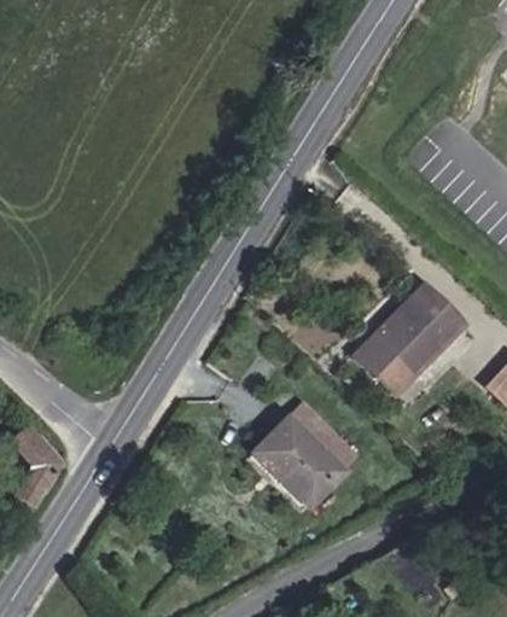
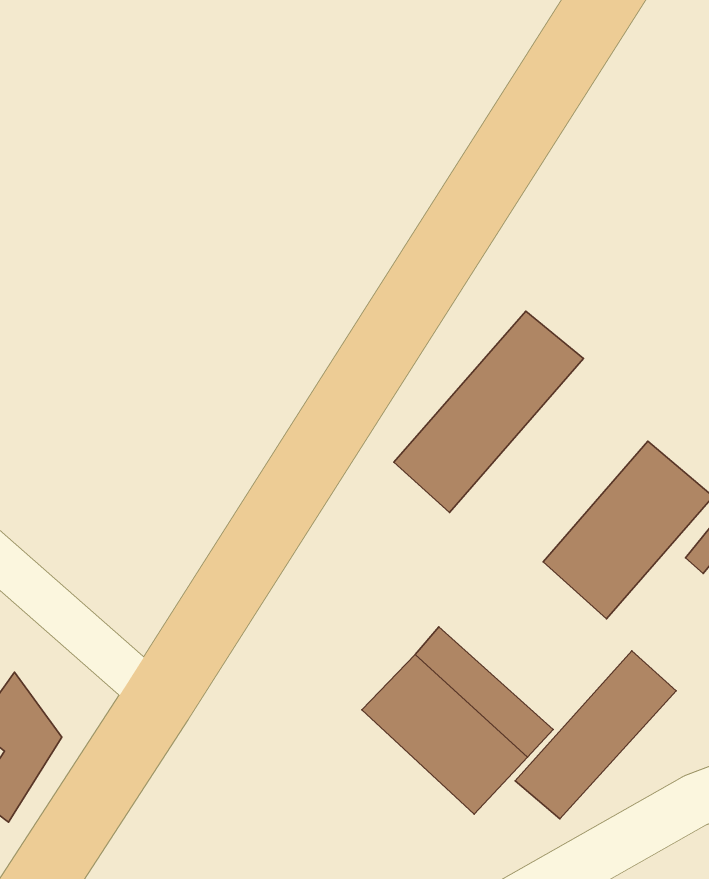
building: none -> [394,311,583,513]
building: none -> [515,651,676,819]

